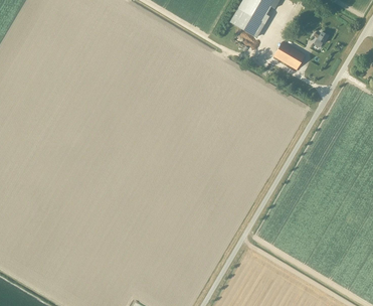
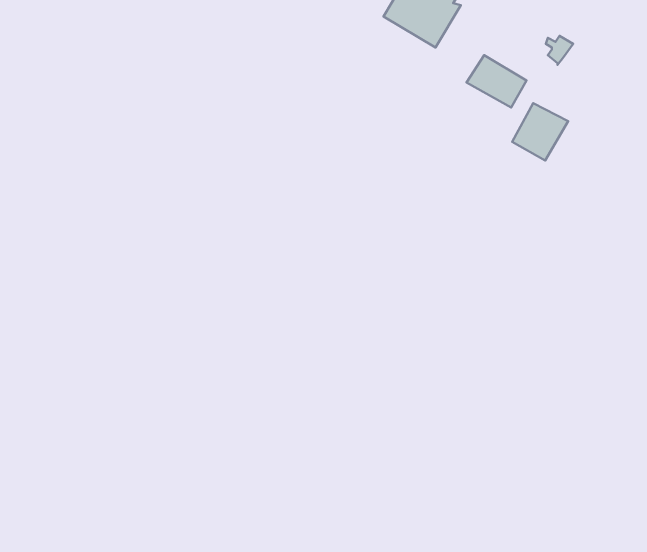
building: none -> [512,103,568,160]

